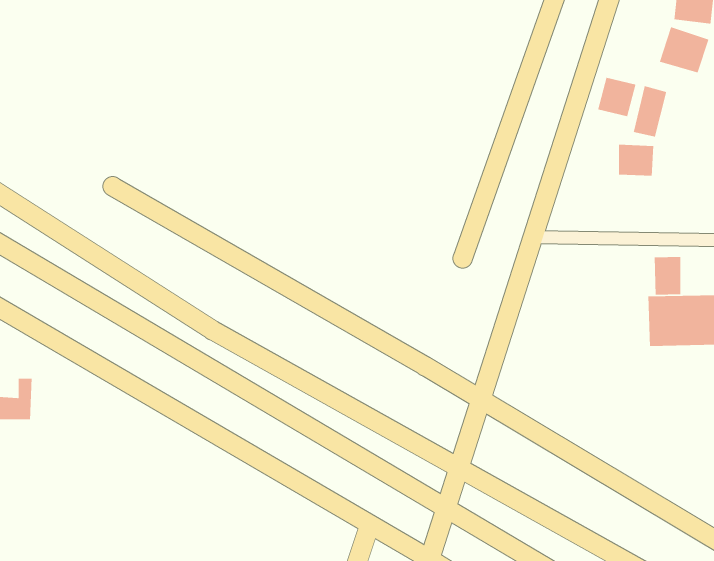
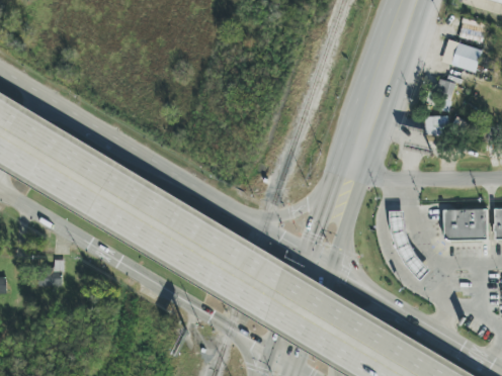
building: [597,77,636,117] -> none
building: [654,256,681,296] -> none

